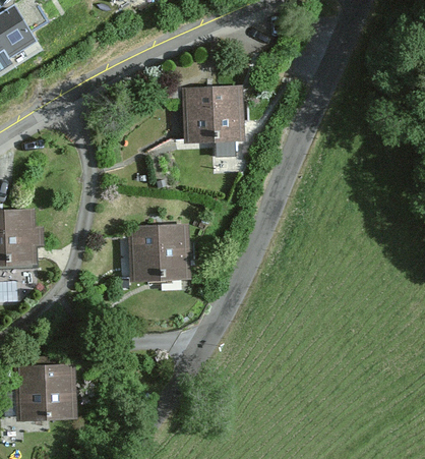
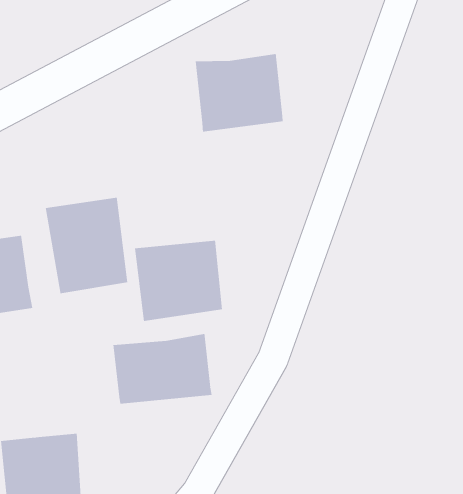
building: none -> [45,197,128,294]
building: none -> [113,333,212,405]

